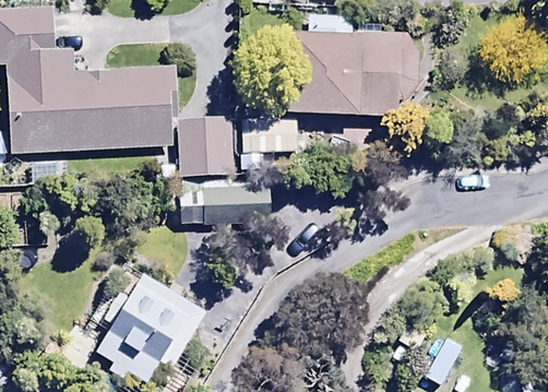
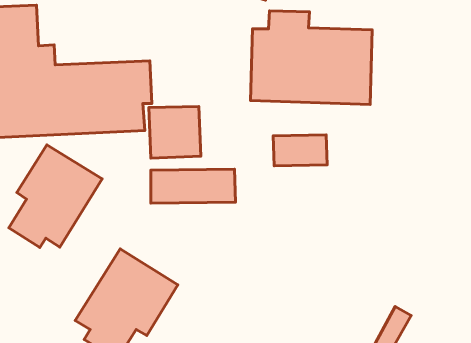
building: [238,117,297,151] -> [273,135,327,166]
building: none -> [9,145,102,248]

